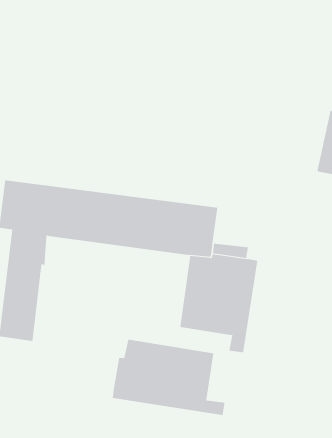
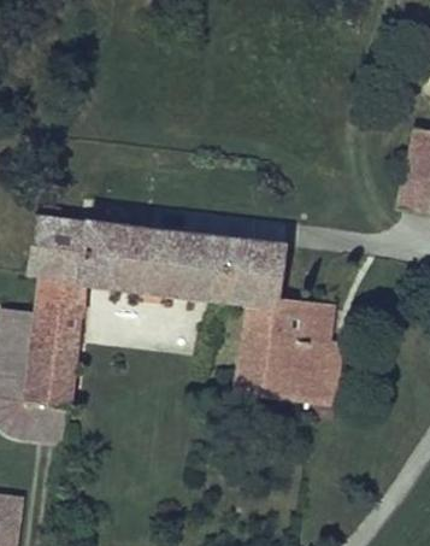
building: [112,339,225,416] -> none

